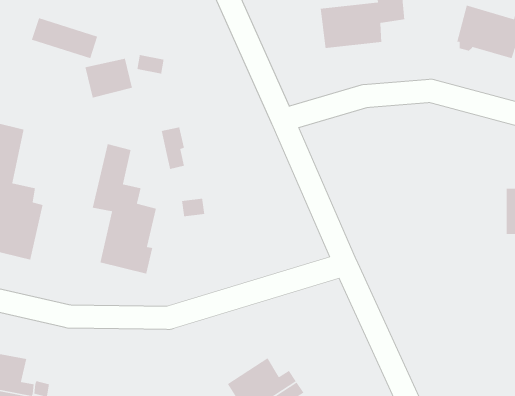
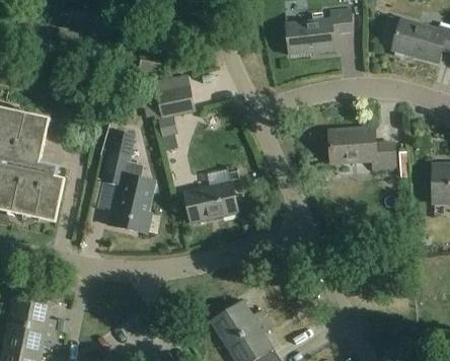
building: [85,58,133,99] -> [156,85,195,118]
building: none -> [327,128,394,169]
building: none -> [183,165,238,222]

